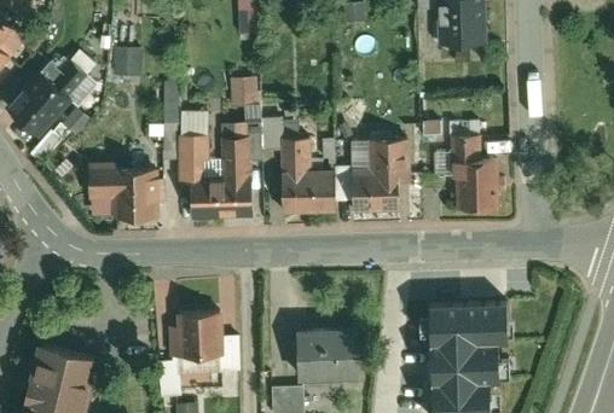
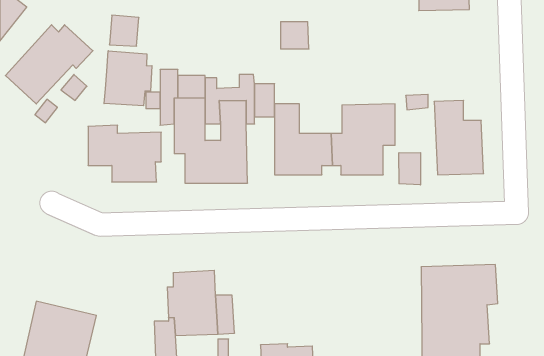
building: [231,81,260,109] -> [281,22,309,49]
building: none -> [104,51,152,106]
building: none -> [399,153,420,185]
building: [300,322,354,377] -> none

